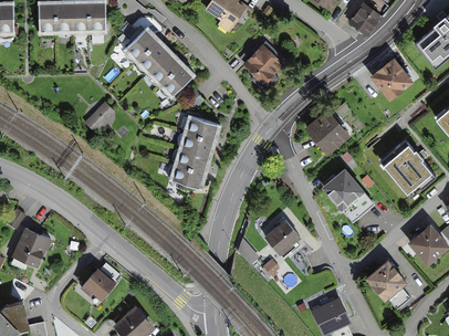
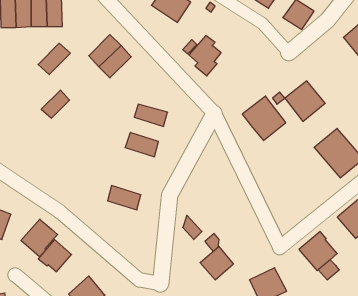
building: [123,30,158,64] -> [38,43,70,75]
building: [369,55,414,99] -> [285,81,325,121]
building: [158,65,194,99] -> none
building: [180,132,217,158] -> none
building: [170,165,207,191] -> [108,186,141,210]
building: [322,168,364,210] -> none
building: [263,218,300,254] -> [200,247,233,280]
building: none -> [21,219,58,257]

